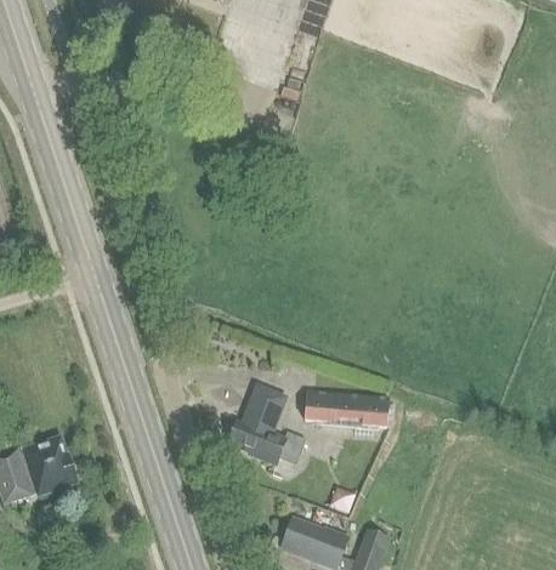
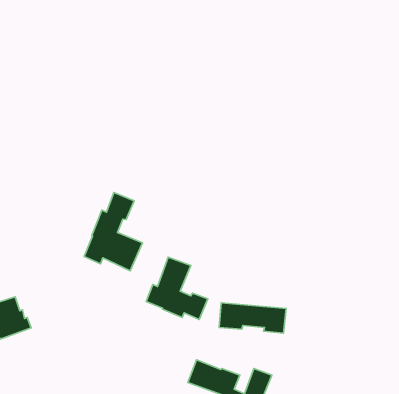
building: none -> [84,193,142,271]
building: [303,389,390,428] -> [219,303,286,333]

